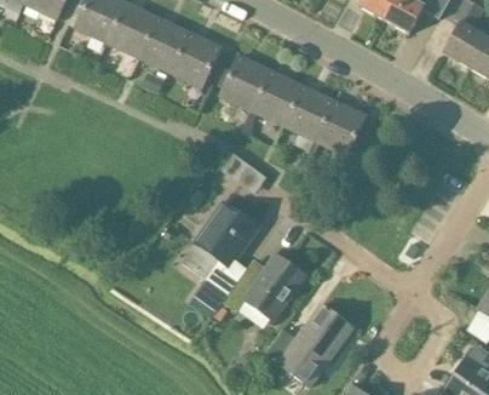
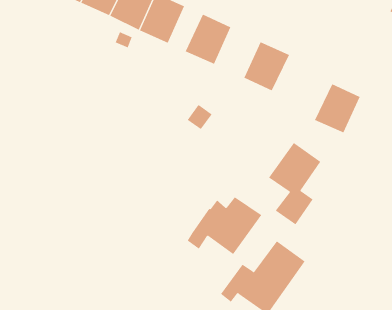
building: [252,69,301,125] -> none
building: [315,99,366,154] -> [314,84,361,133]
building: [196,204,254,294] -> [268,142,321,225]

